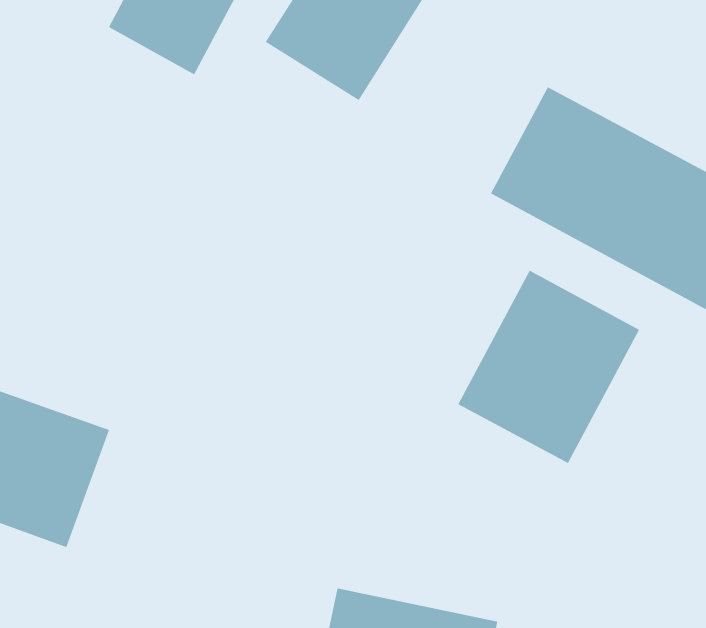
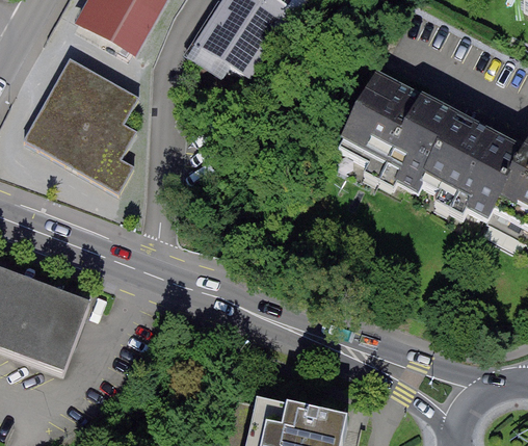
building: none -> [25,55,139,187]
building: [457,270,640,464] -> none

